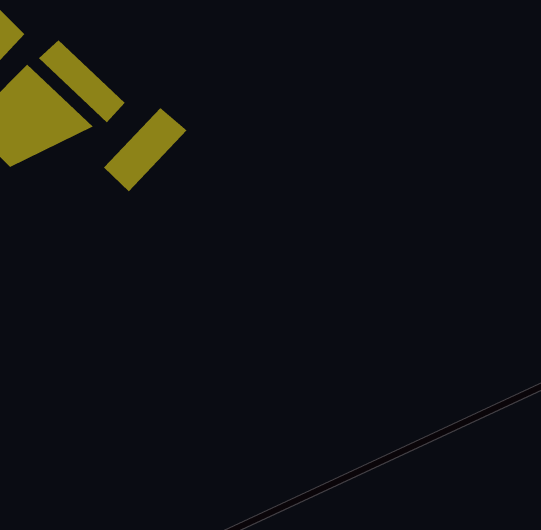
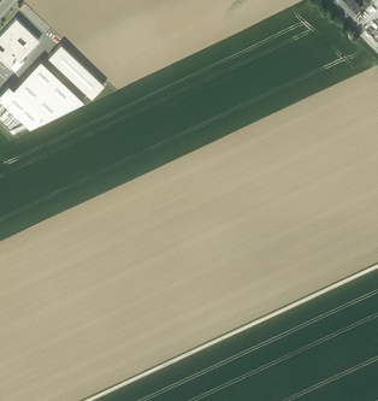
building: [103,107,187,192] -> none

